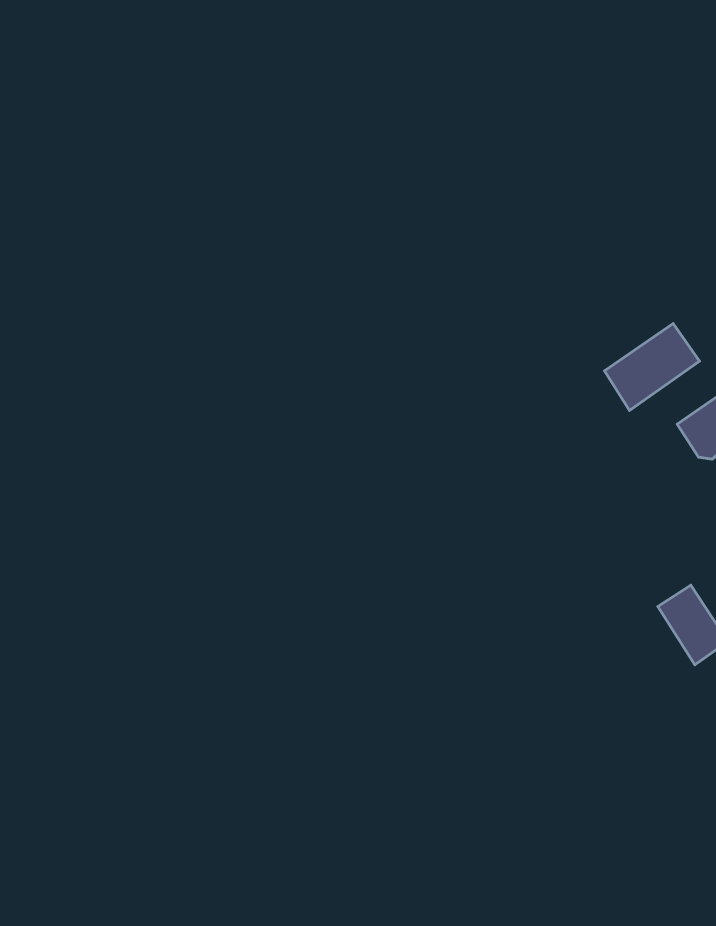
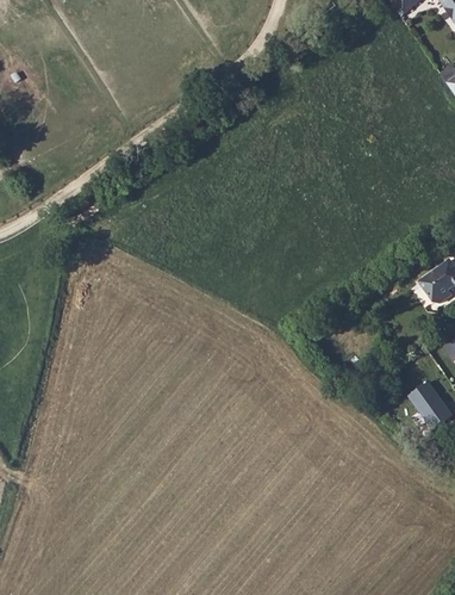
building: [604,324,699,411] -> none

